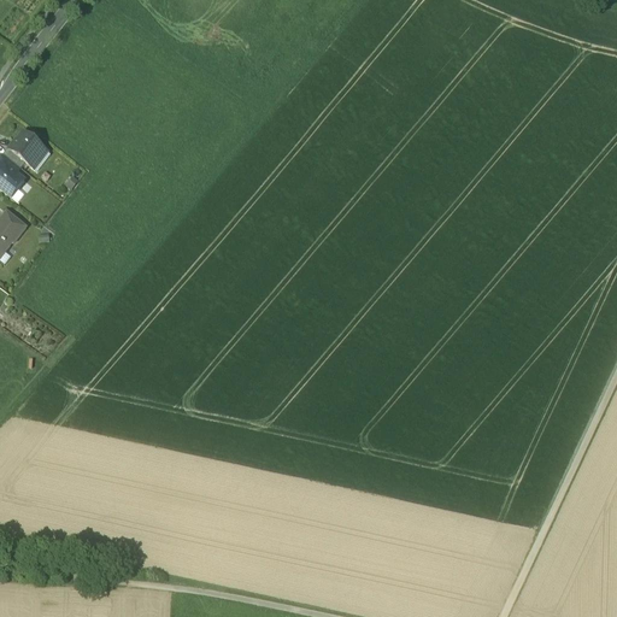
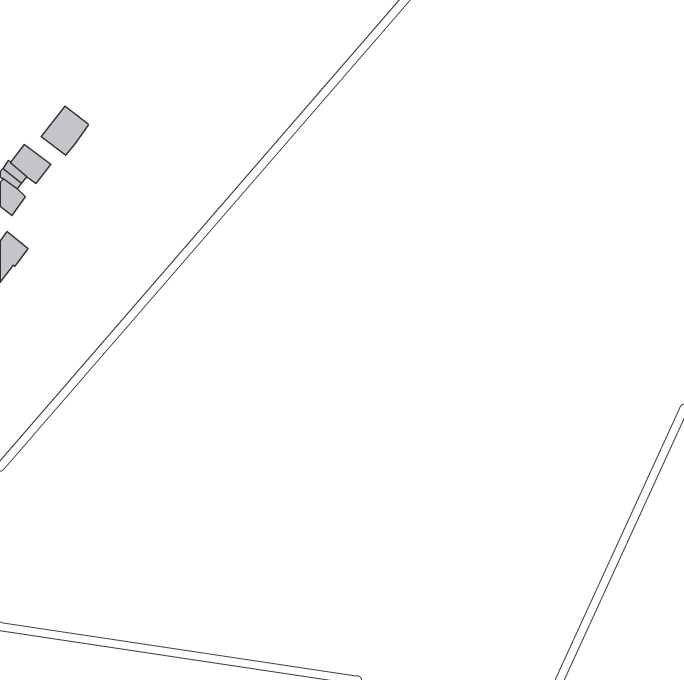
building: none -> [41,106,88,155]

